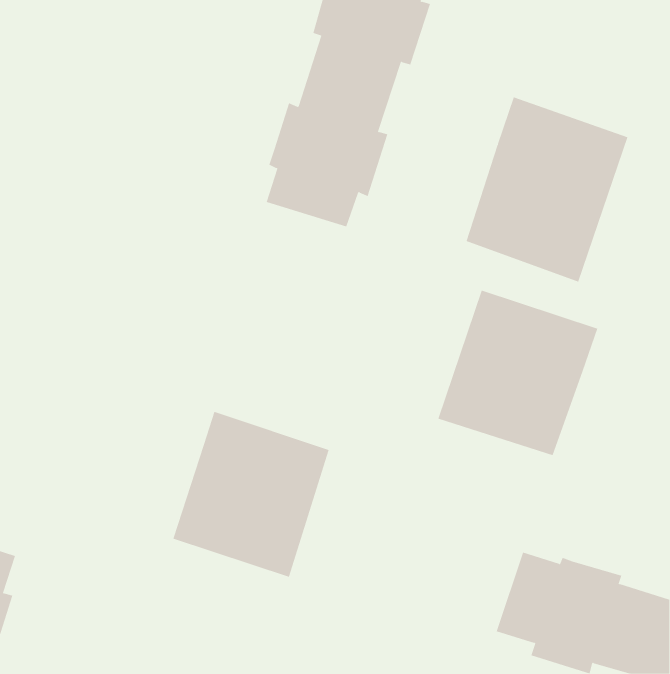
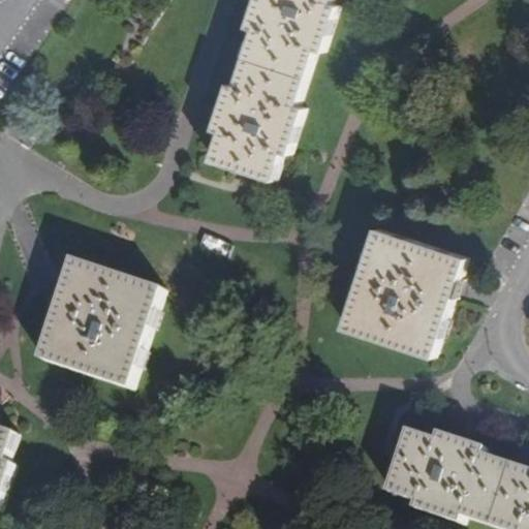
building: [466,96,628,282] -> none
building: [173,411,329,577] -> [37,258,159,387]

